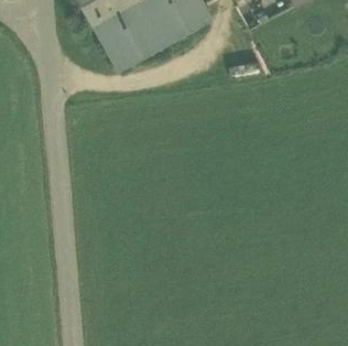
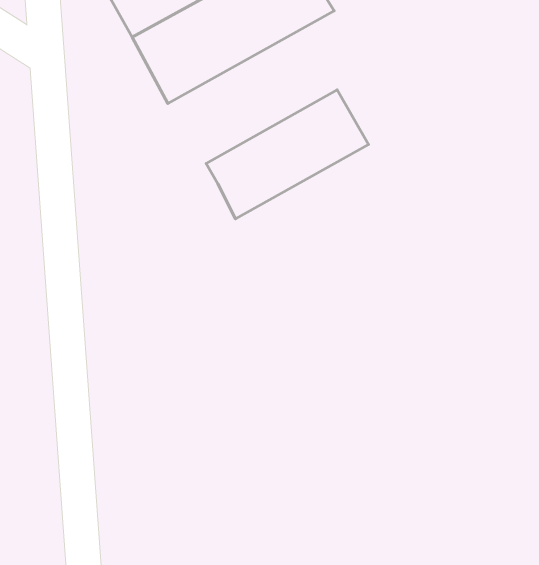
building: none -> [206,90,369,219]

